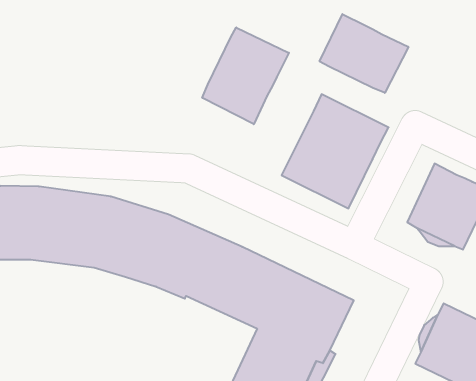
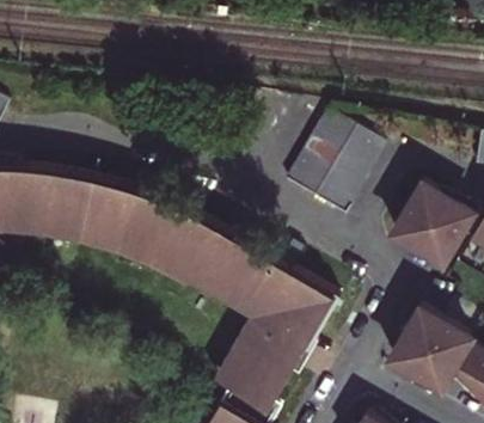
building: [320,14,408,93] -> none
building: [202,27,289,124] -> none

